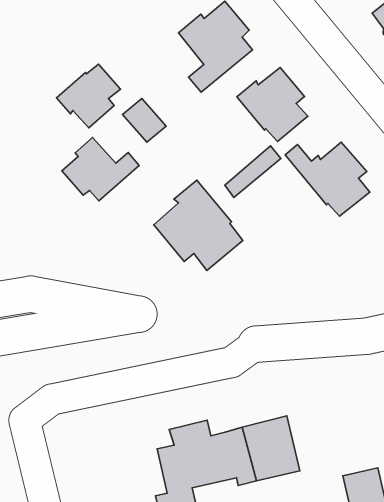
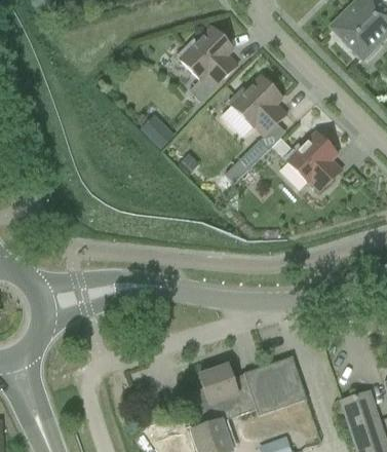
building: [56,64,120,128] -> none
building: [62,138,139,201] -> none
building: [154,180,243,271] -> none

